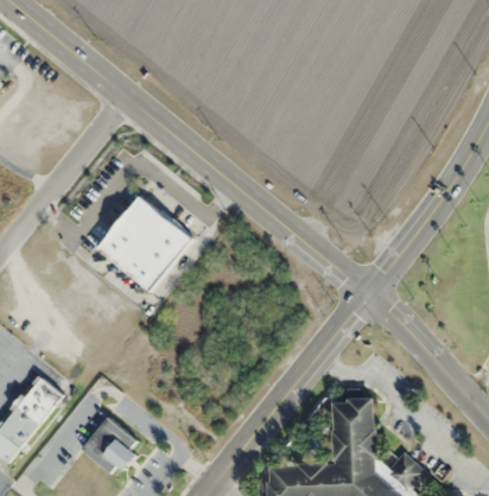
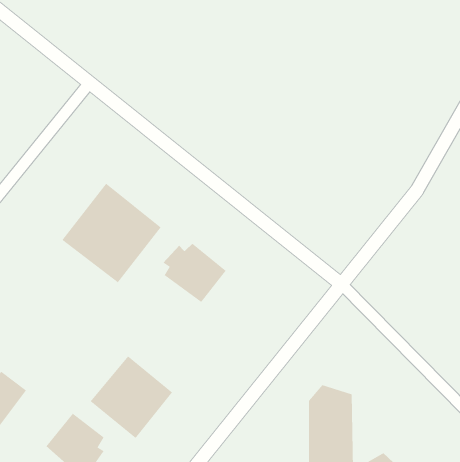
building: none -> [163,243,226,303]
building: none -> [90,356,173,439]

